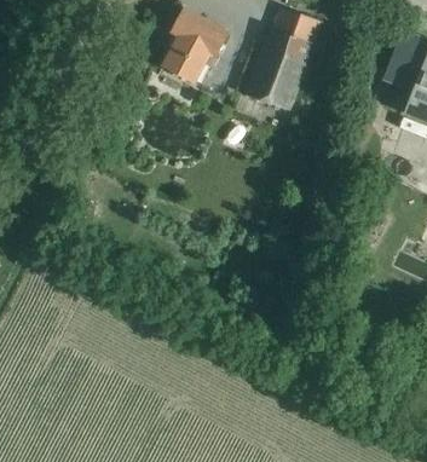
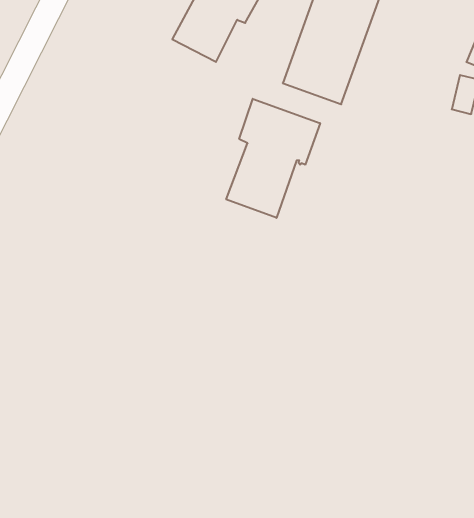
building: none -> [226,99,320,218]

